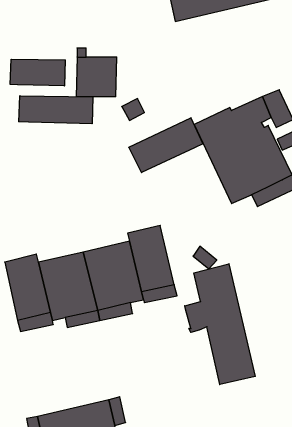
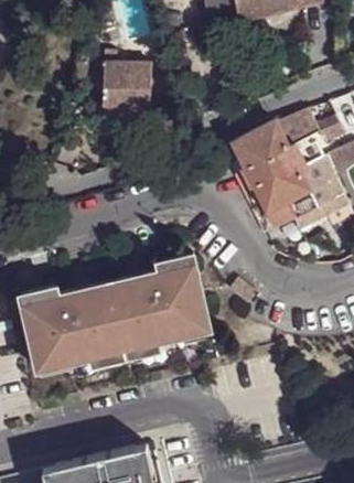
building: [10,59,65,86] -> none
building: [19,96,93,124] -> none
building: [129,118,203,173] -> none
building: [185,264,255,385] -> none

